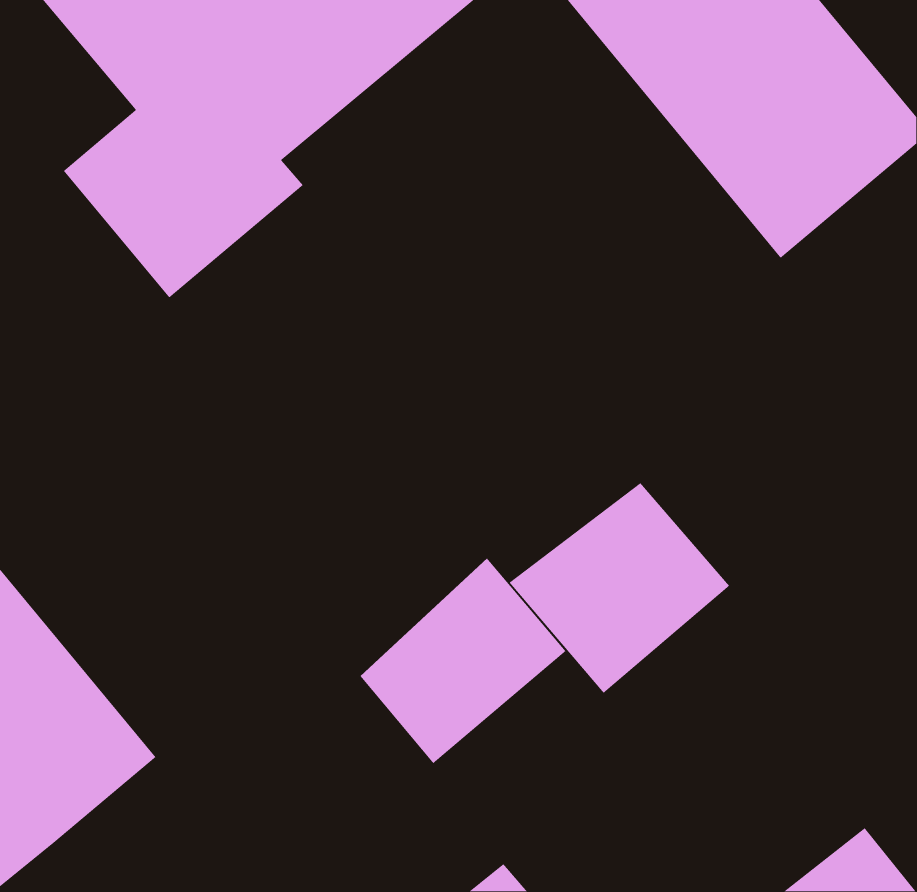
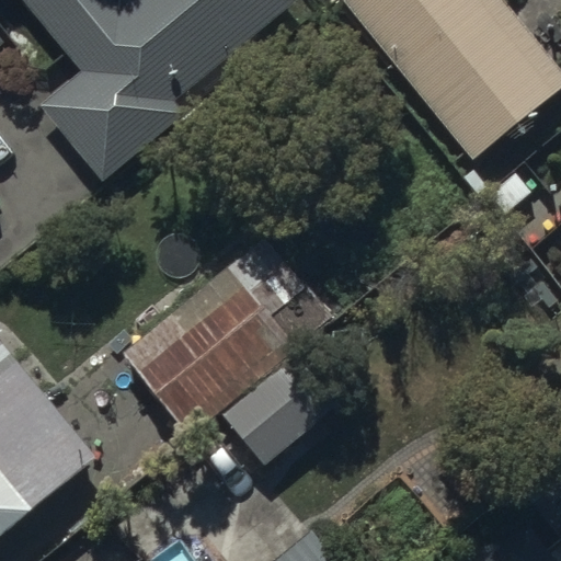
building: none -> [122,262,297,435]
building: [508,482,730,694] -> none

